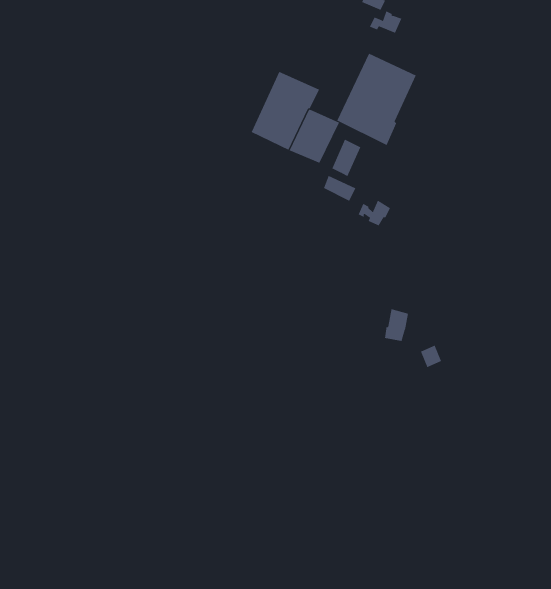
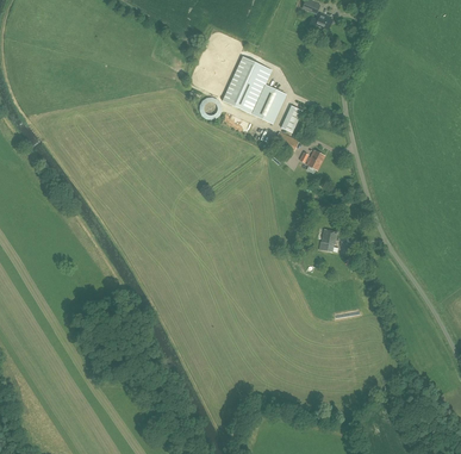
building: [336,53,417,146] -> none

